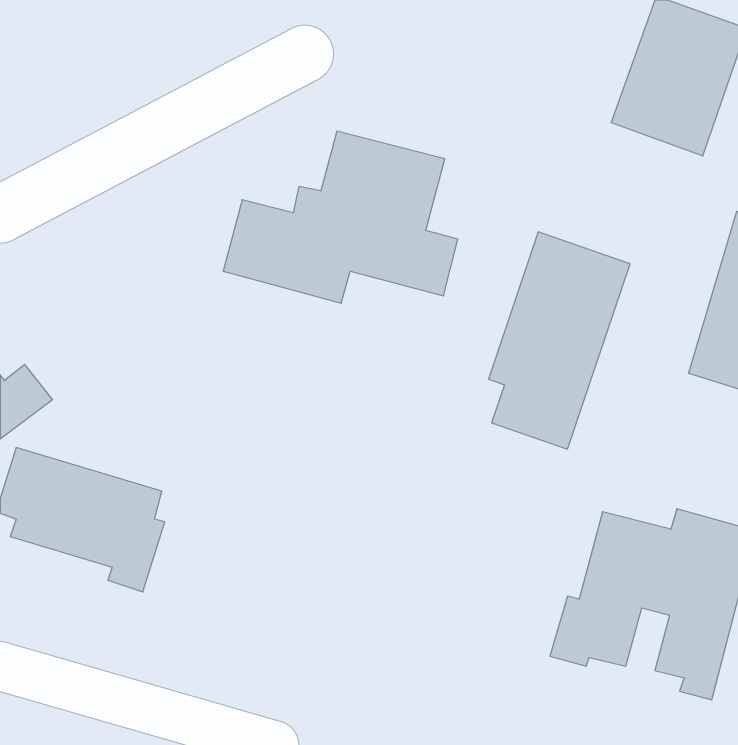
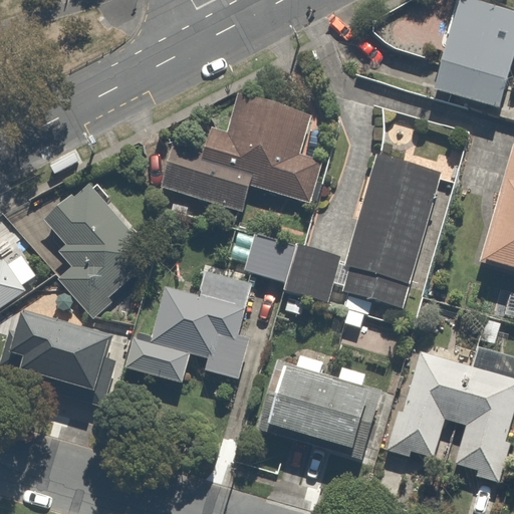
building: none -> [49,186,159,309]
building: none -> [244,235,334,301]
building: none -> [133,276,253,382]
building: none -> [260,355,384,454]

